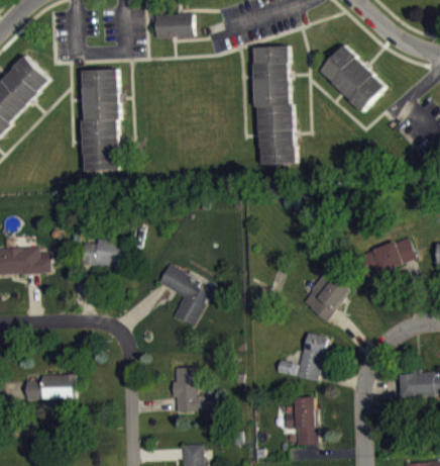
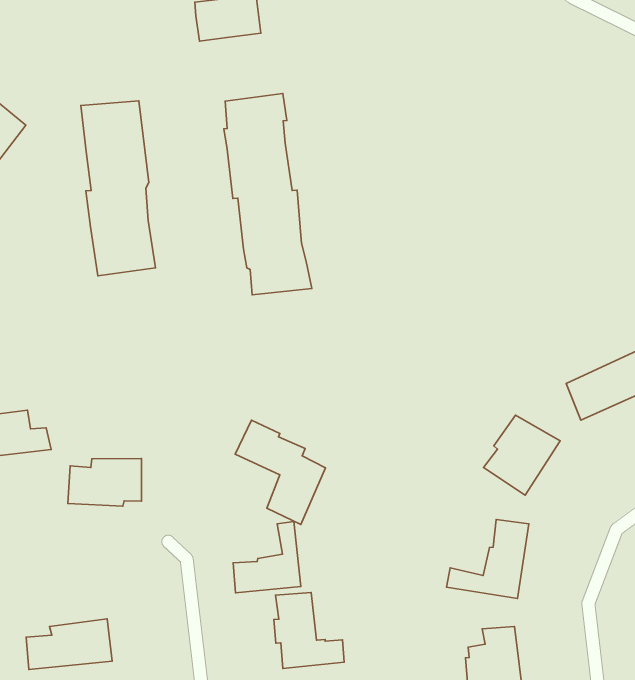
building: [320,44,383,111] -> none
building: [252,45,297,163] -> [224,93,312,295]
building: [80,239,125,268] -> [68,458,142,506]
building: none -> [233,522,301,593]

